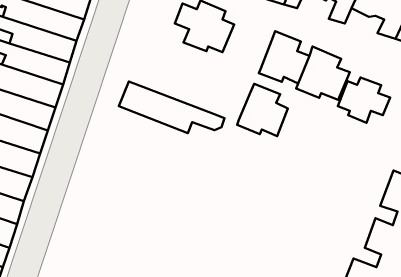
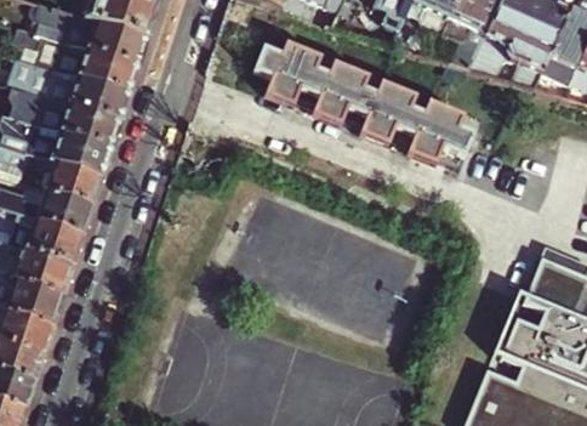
building: [338,78,390,123] -> none
building: [119,81,224,133] -> none
building: [237,84,288,136] -> [313,57,377,124]

